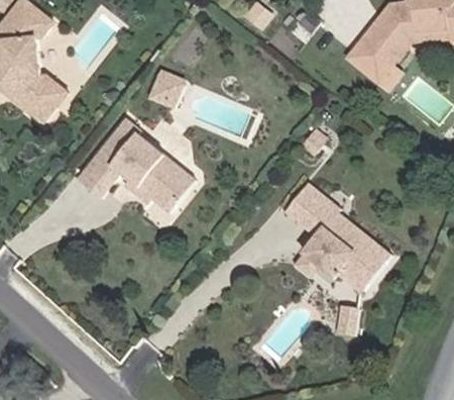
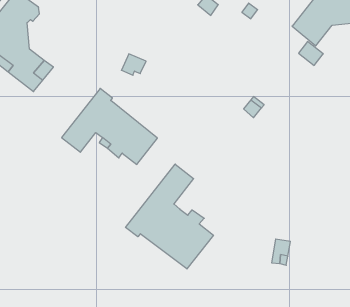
building: [285,182,391,293] -> none
building: none -> [126,164,213,269]

